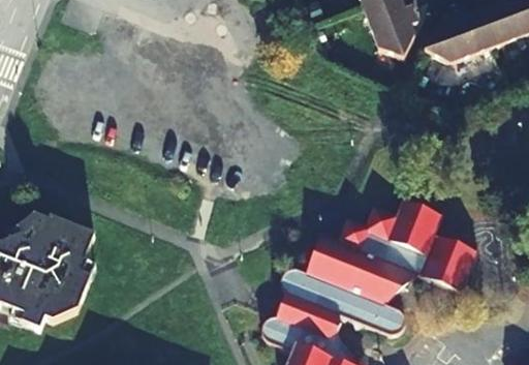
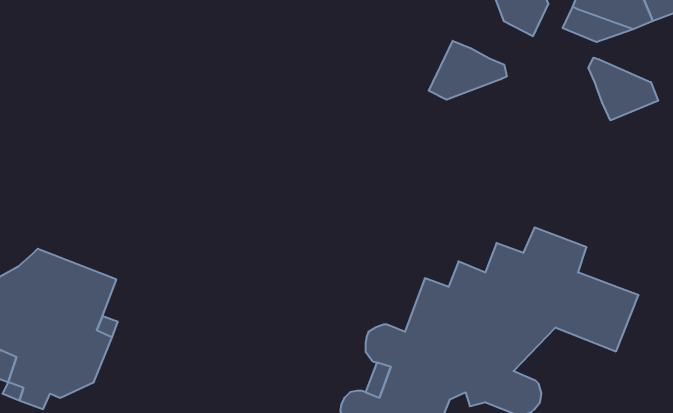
building: none -> [429,41,507,100]
building: none -> [588,58,658,120]

